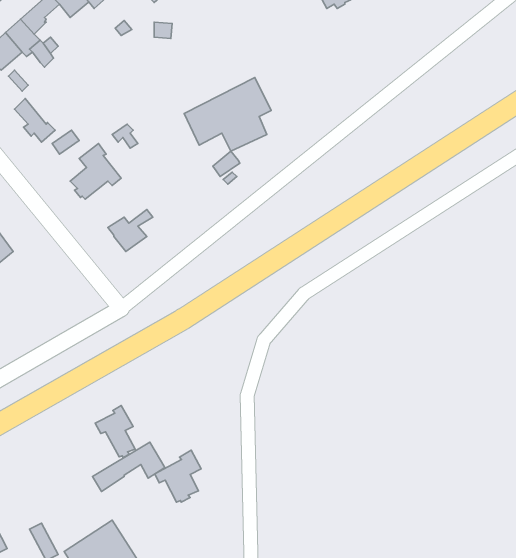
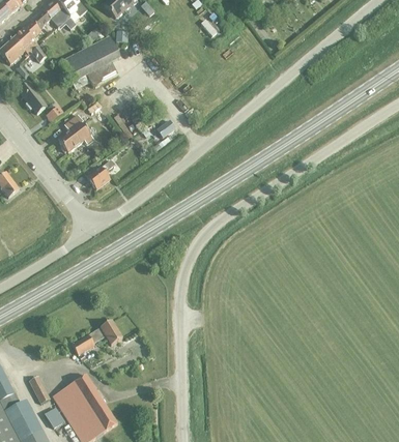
building: [184,78,271,151] -> [60,35,120,86]
building: [95,405,135,458] -> none
building: [155,450,201,502] -> none

